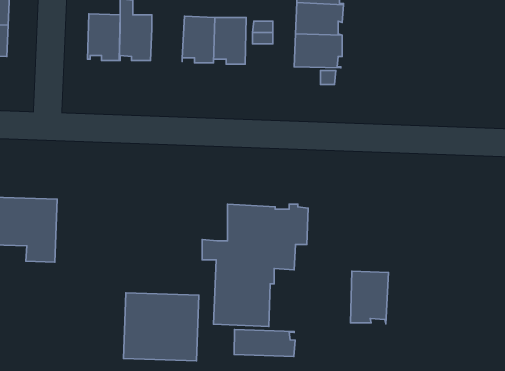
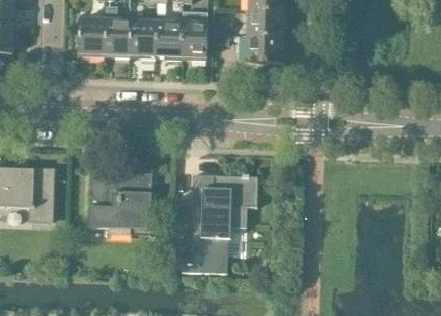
building: none -> [129,21,157,58]
building: [351,271,388,324] -> none
building: [123,293,199,361] -> [89,172,151,228]
building: [234,329,295,357] -> none

